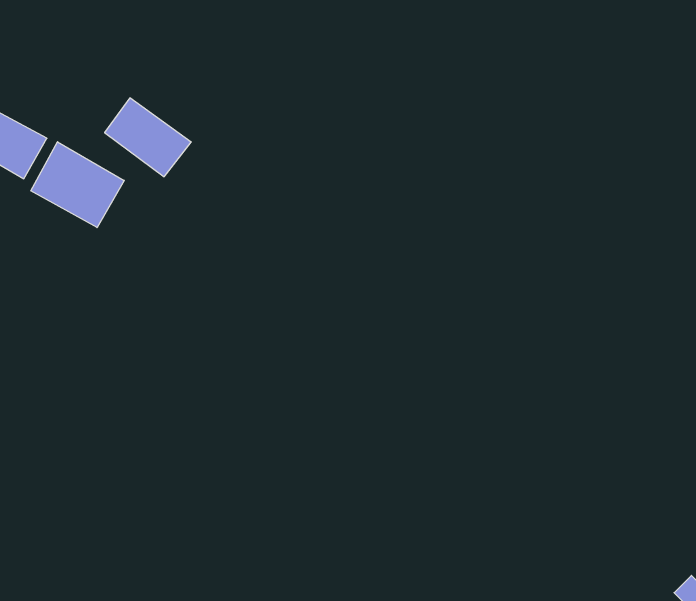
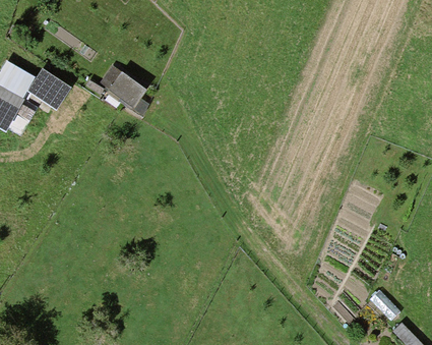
building: [31,142,124,228] -> none

